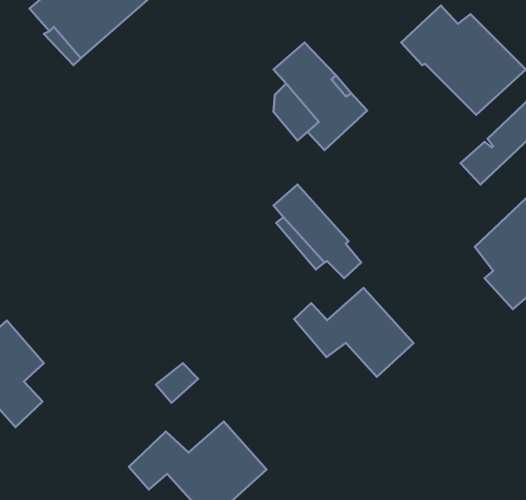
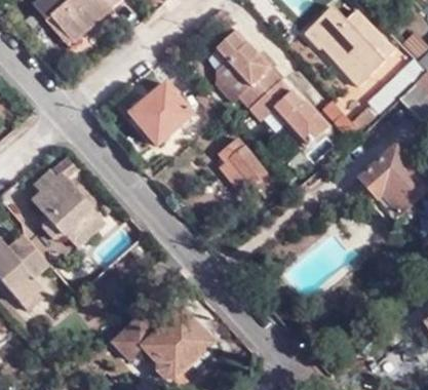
building: none -> [251,81,332,148]
building: none -> [132,84,195,147]
building: none -> [27,167,103,243]
building: [294,288,413,377] -> none

